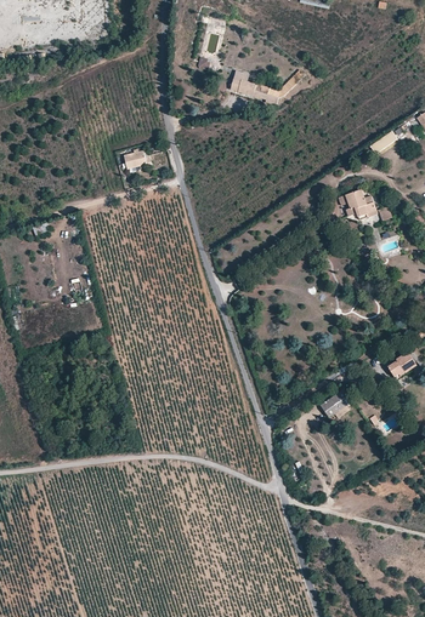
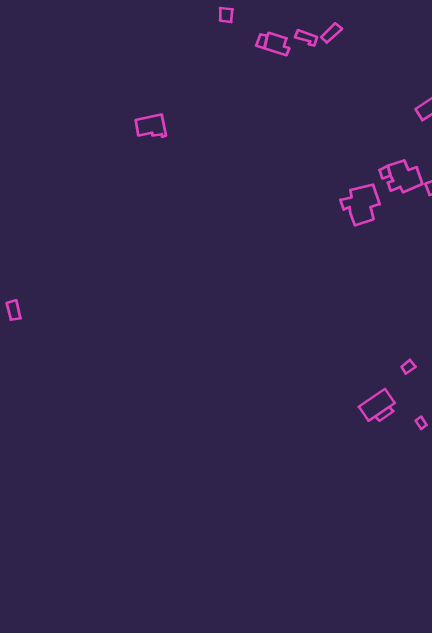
building: none -> [340,185,380,225]

